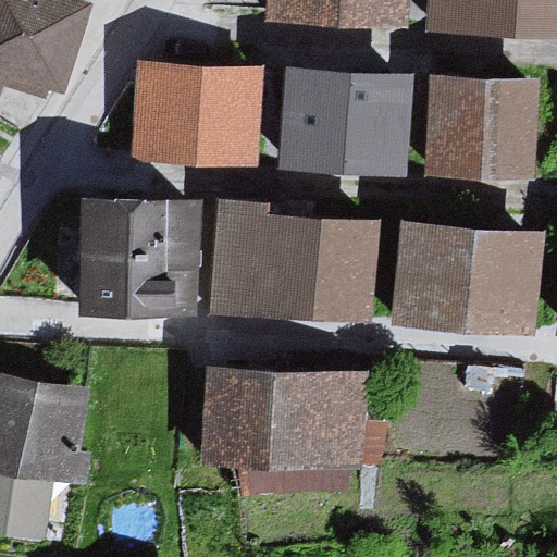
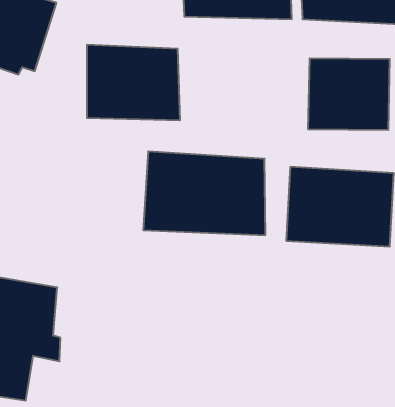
building: [263,64,412,177] -> none
building: [65,199,189,318] -> none
building: [191,368,389,474] -> none

